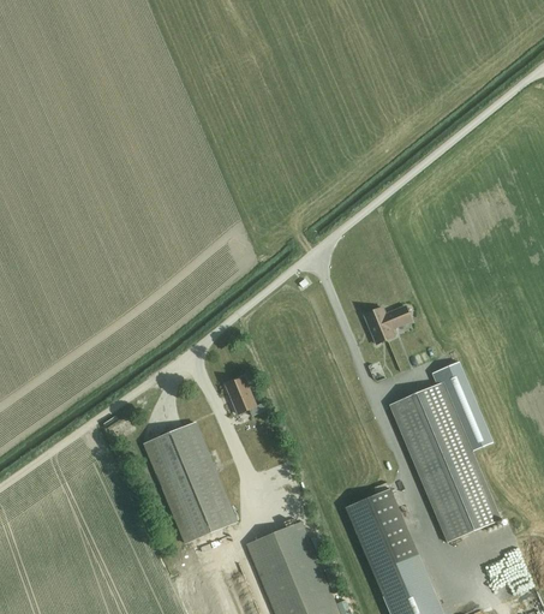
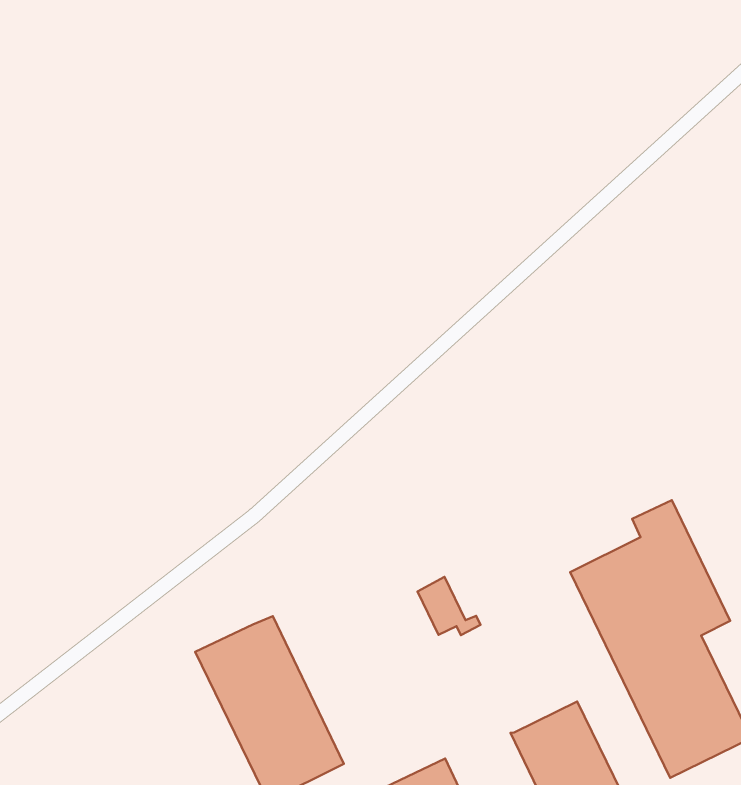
building: [364,306,411,344] -> none
building: [225,377,264,416] -> [418,577,480,635]

